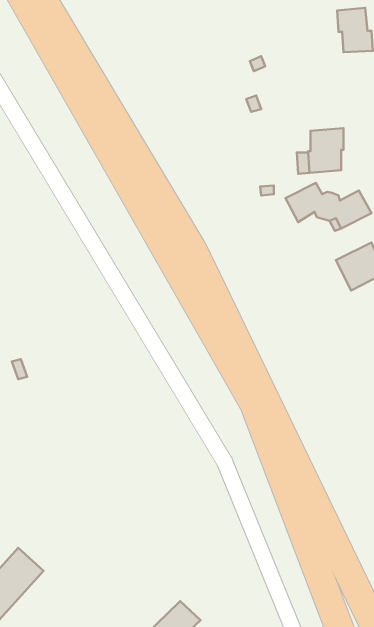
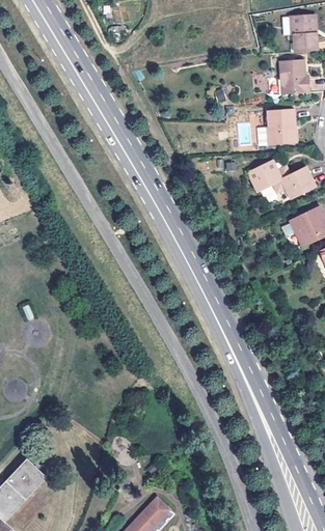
building: none -> [273,59,306,95]

